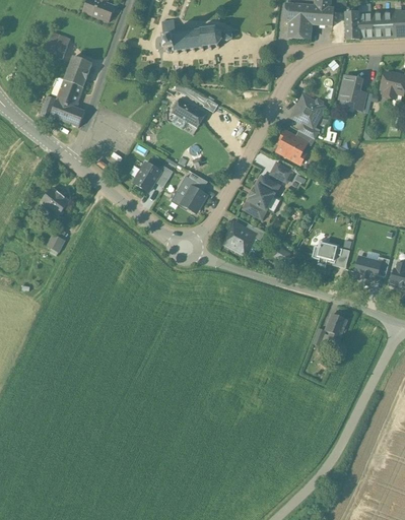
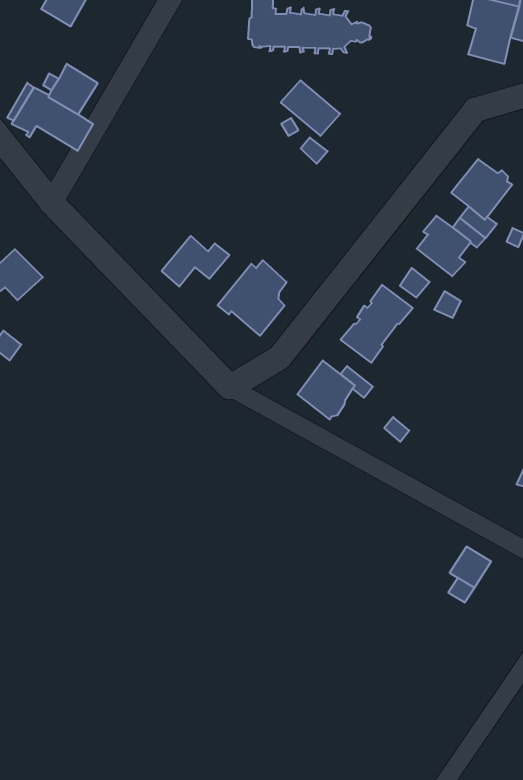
building: [64,55,92,86] -> none
building: [172,98,206,127] -> [281,80,340,136]
building: [312,239,339,264] -> none

